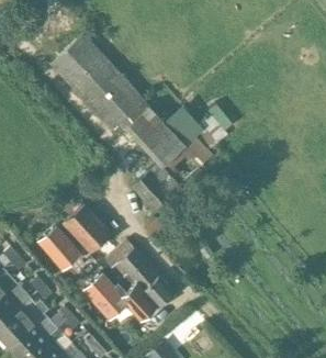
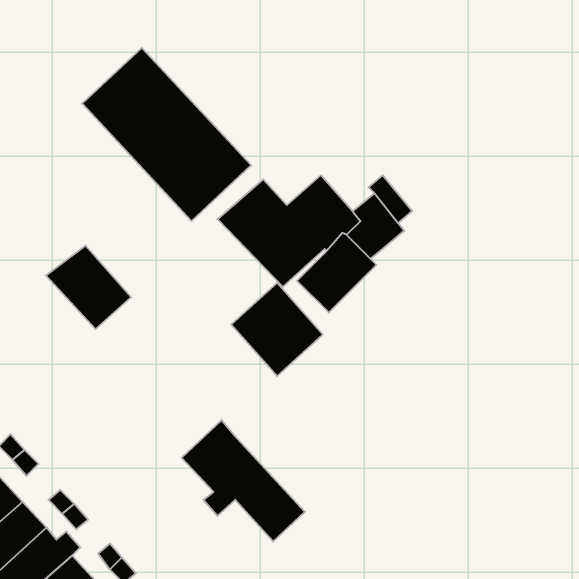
building: [61,205,109,251] -> [46,245,131,329]
building: [37,225,79,267] -> none
building: [83,273,155,320] -> none

